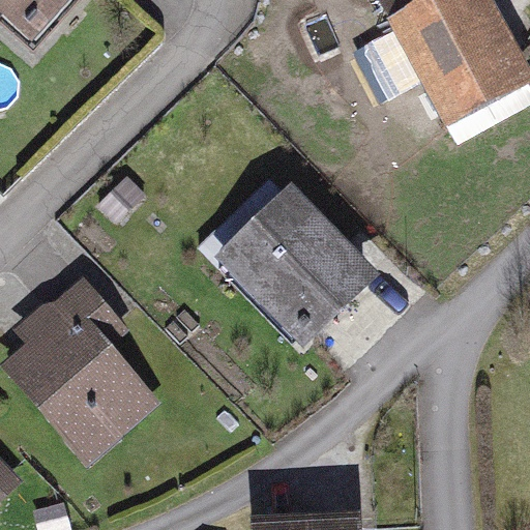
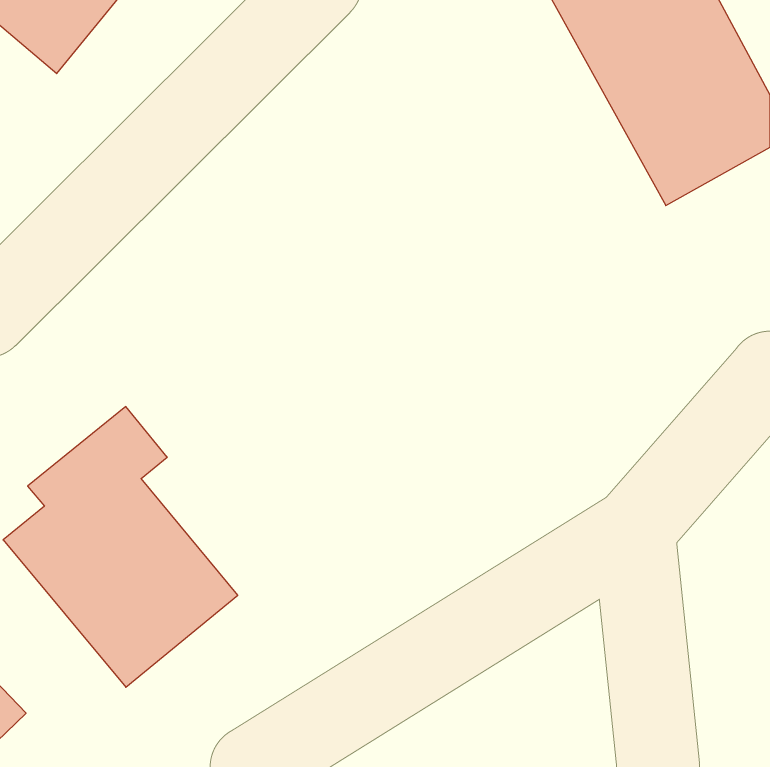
building: [203,169,381,347] -> none

